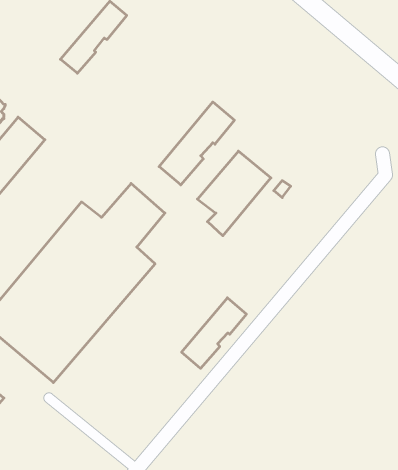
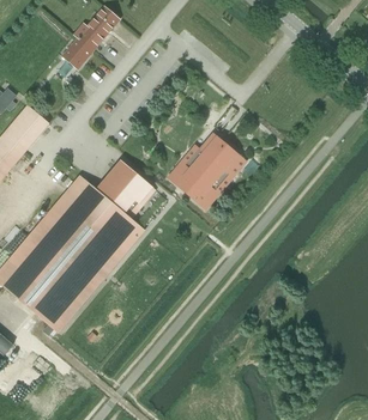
building: [159,102,234,185] -> none
building: [182,298,246,368] -> none

